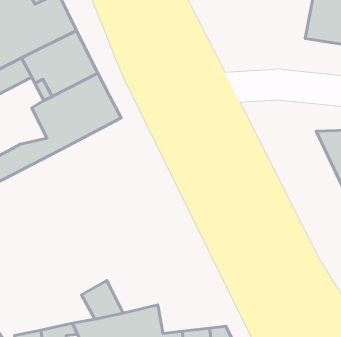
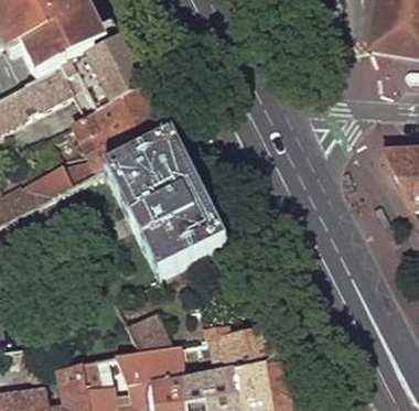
building: none -> [104,137,224,281]
building: none -> [208,328,282,369]

